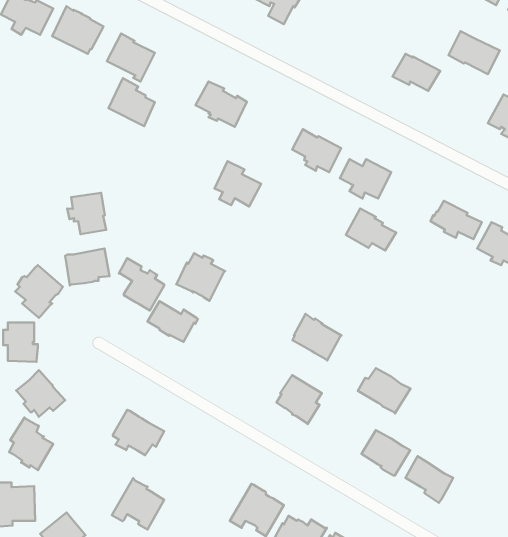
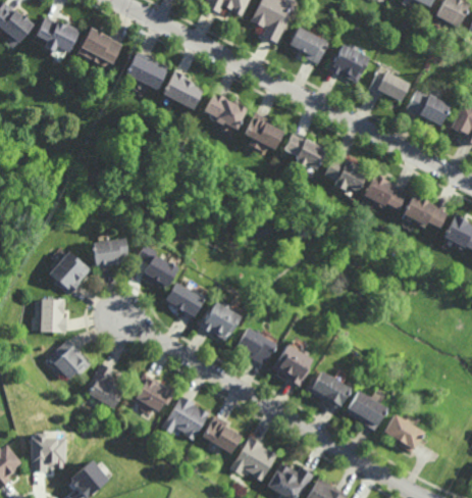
building: none -> [292,28,331,63]
building: none -> [330,45,371,83]
building: [448,31,500,74] -> [408,89,452,126]
building: [108,78,155,126] -> [161,71,201,112]
building: [214,161,261,206] -> [244,113,283,152]
building: [67,193,106,234] -> none
building: [346,209,396,250] -> [364,173,407,209]
building: [176,253,225,301] -> [197,300,239,341]
building: [292,314,341,360] -> [233,326,275,365]
building: [358,368,410,414] -> [304,370,349,409]
building: [9,418,53,470] -> [89,364,126,409]
building: none -> [202,415,241,453]
building: [112,478,164,530] -> [164,396,209,440]

